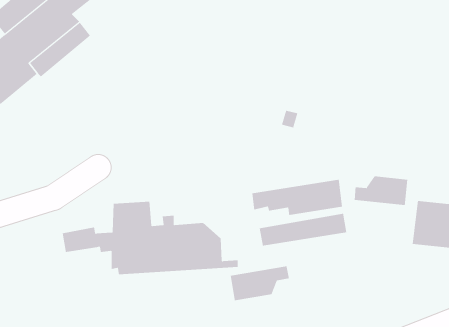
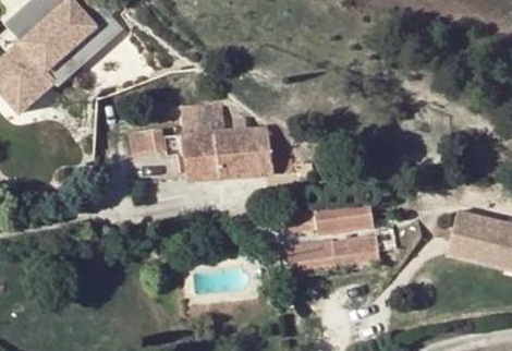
building: [354,175,408,206] -> none
building: [62,201,238,275] -> [126,100,307,175]
building: [230,265,289,301] -> none

